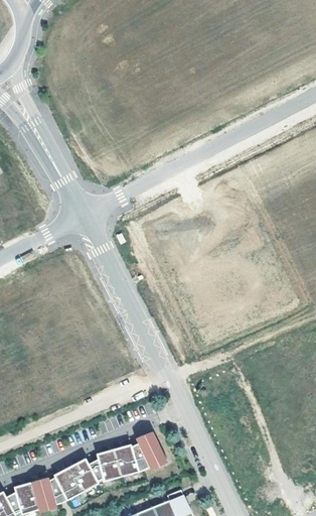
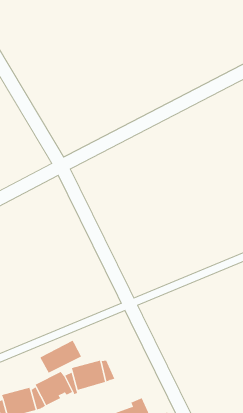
building: none -> [40,340,82,373]
building: [136,432,164,468] -> none

